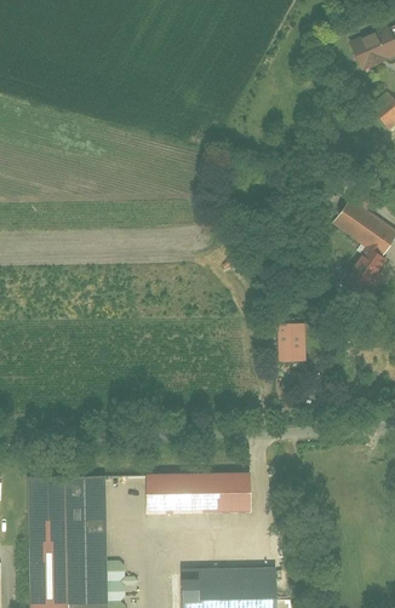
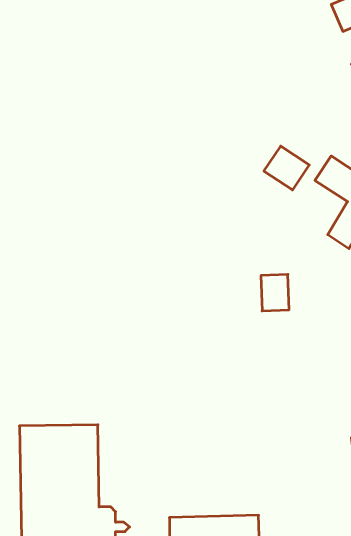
building: none -> [264,146,309,190]
building: [145,474,250,515] -> none

